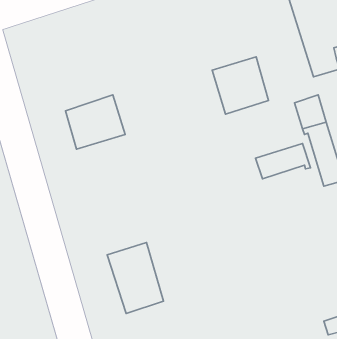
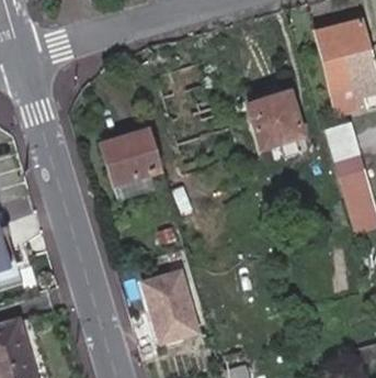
building: [255,144,310,179] -> none

